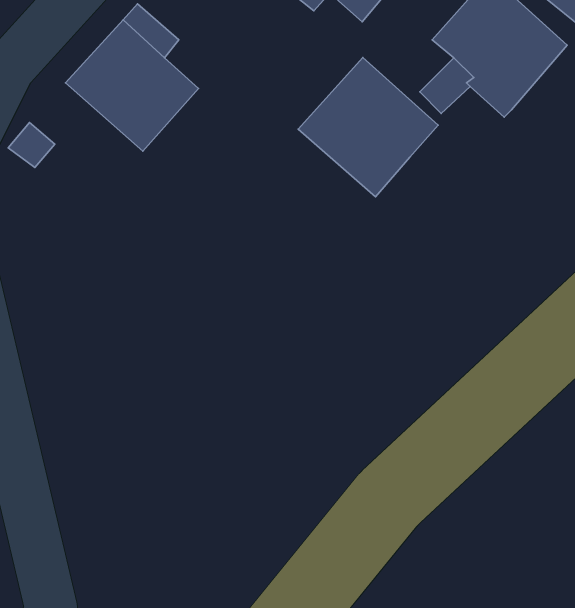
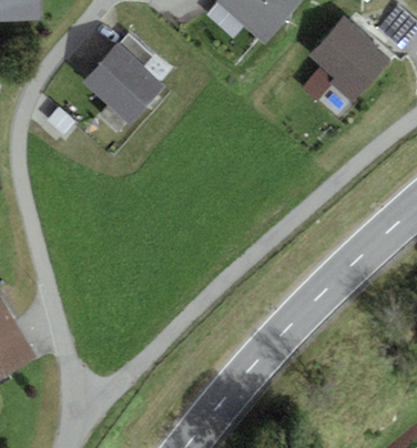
building: [298,57,438,197] -> none

